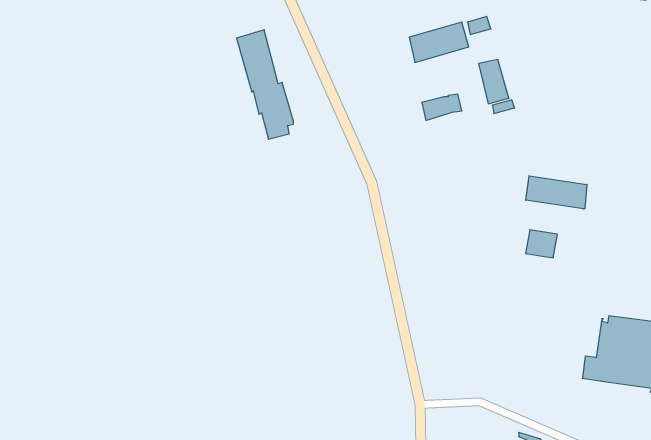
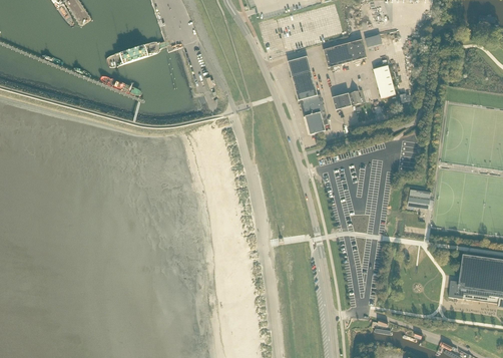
building: [237,30,293,139] -> [287,55,328,134]
building: [526,176,587,209] -> none

